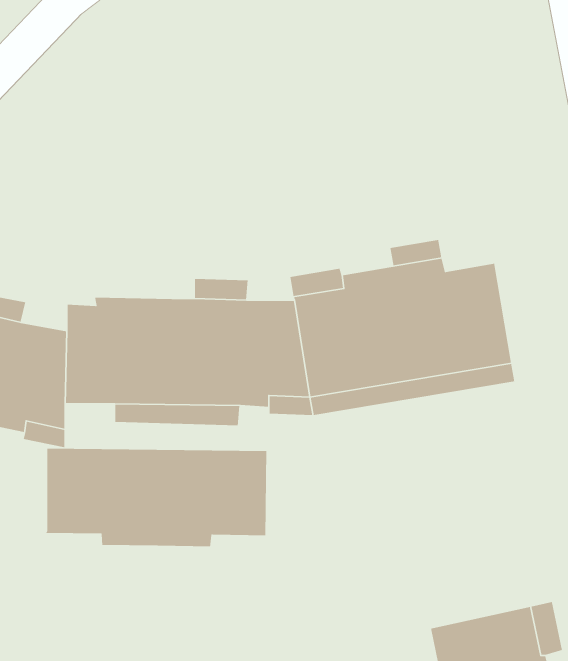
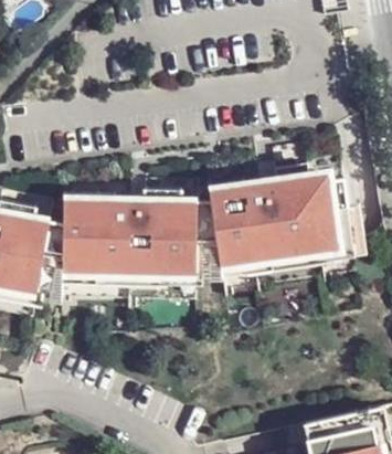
building: [45,448,267,547] -> none

